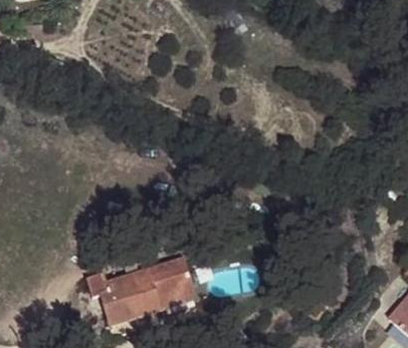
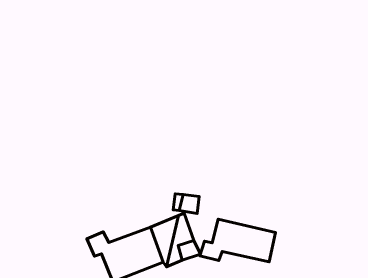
building: none -> [200,219,275,262]

